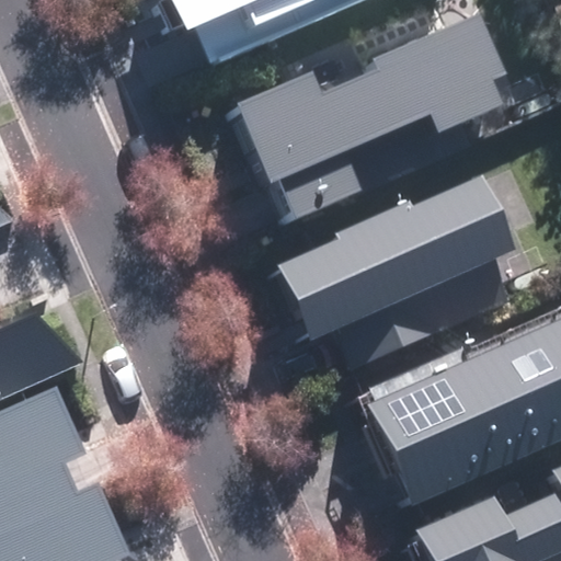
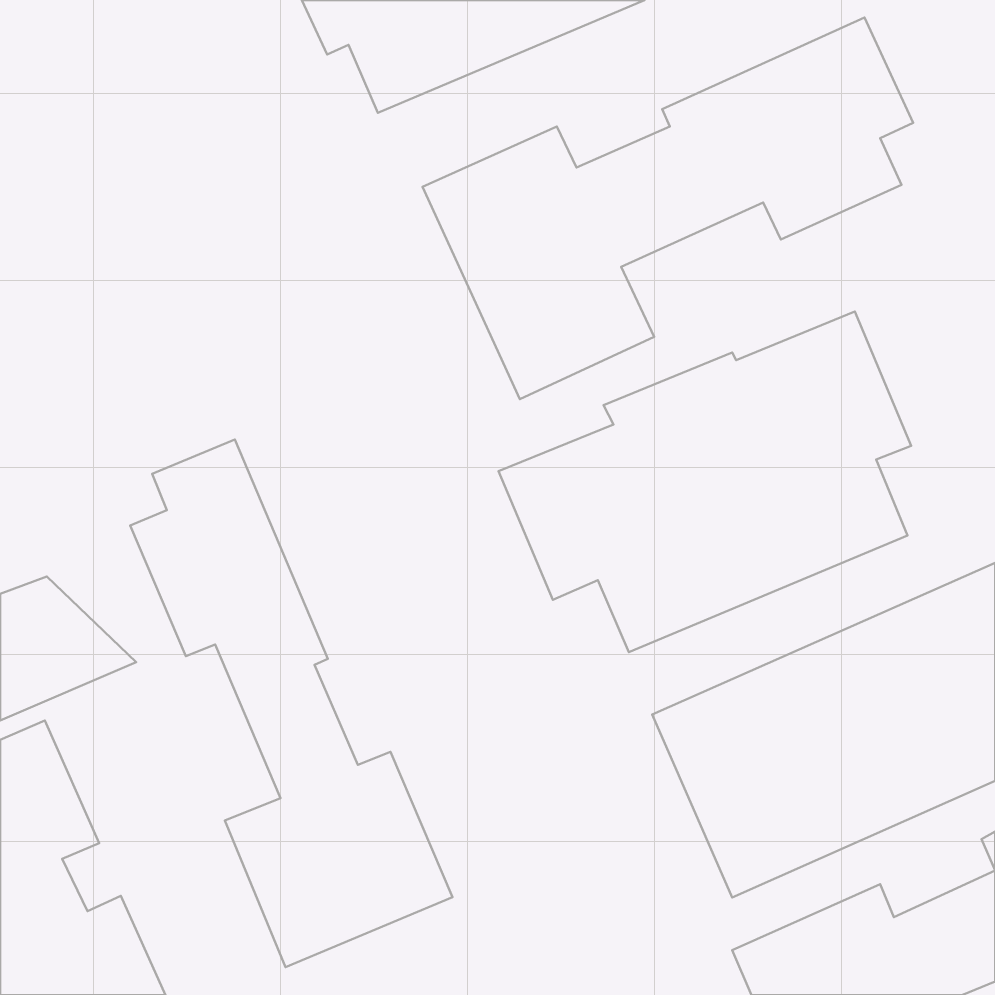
building: none -> [130,440,452,967]

